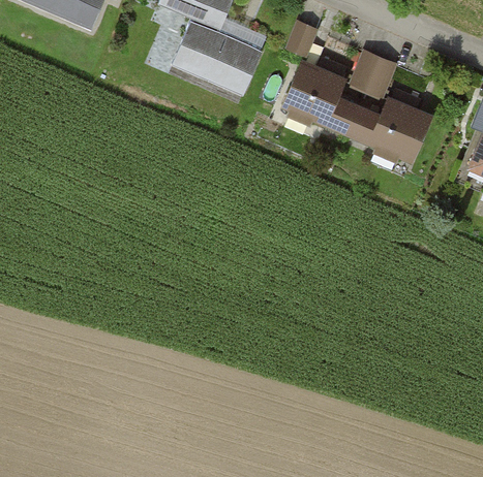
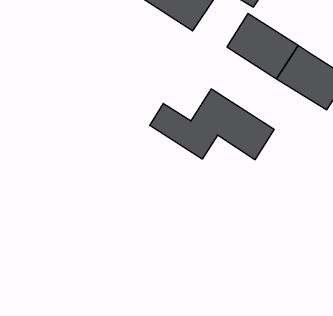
building: [349,52,396,98] -> none
building: none -> [150,89,274,160]

